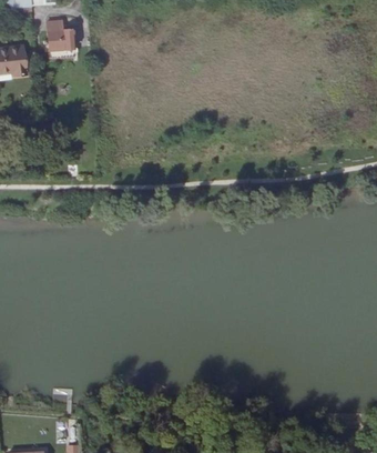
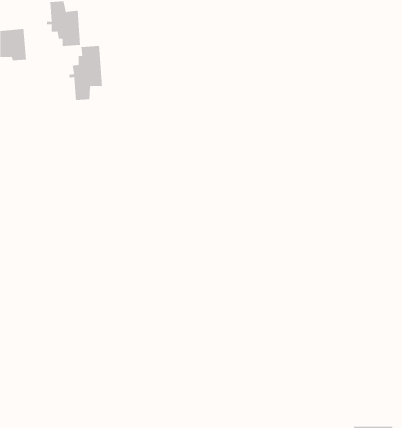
building: none -> [69,45,102,101]

